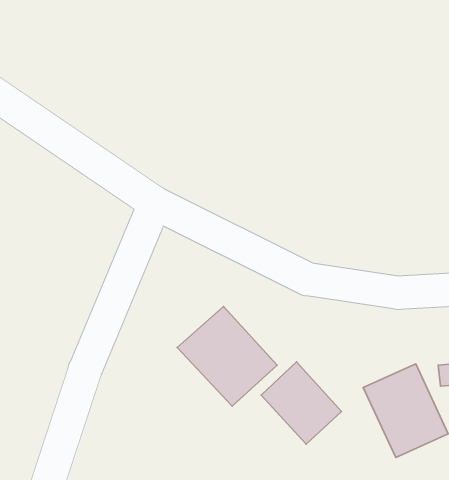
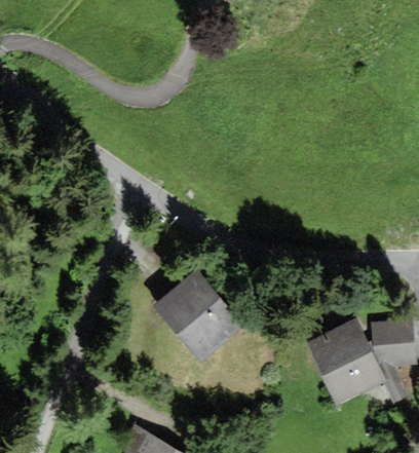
building: [261,362,341,444] -> none

